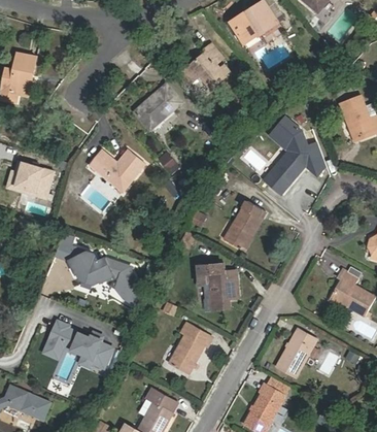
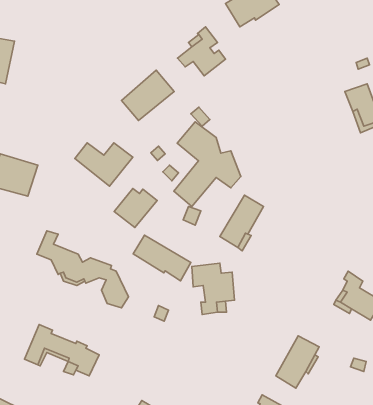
building: [264,114,325,193] -> [174,122,241,207]
building: none -> [114,188,157,227]
building: none -> [133,235,191,281]
building: [169,323,211,372] -> none

